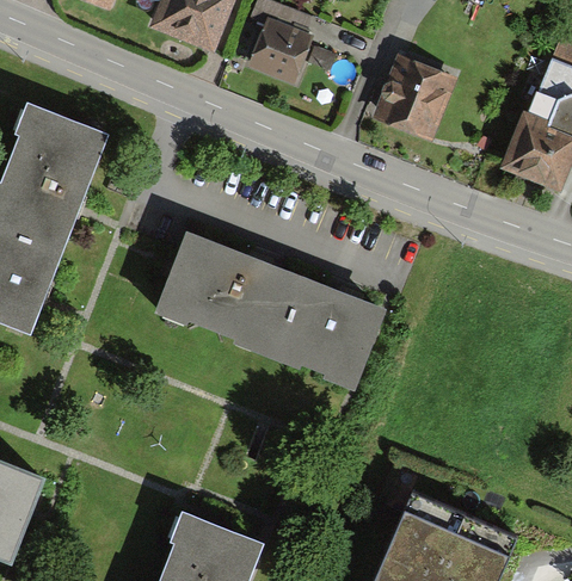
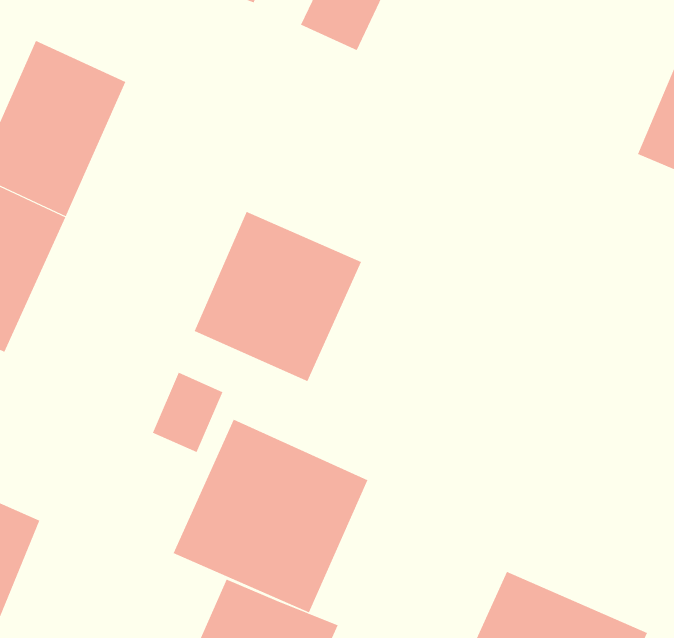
building: [370,63,457,149] -> none
building: [253,256,385,389] -> none
building: none -> [152,372,223,453]
building: none -> [173,419,368,613]

